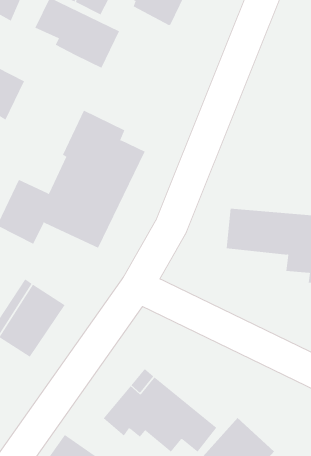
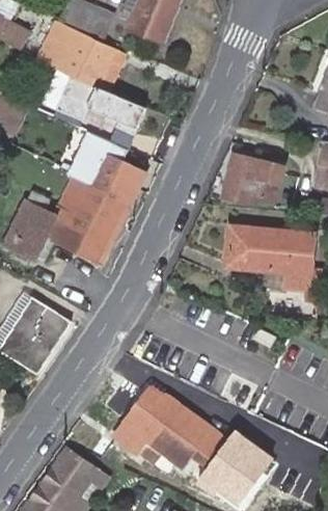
building: none -> [62,80,153,141]
building: none -> [224,155,288,207]

